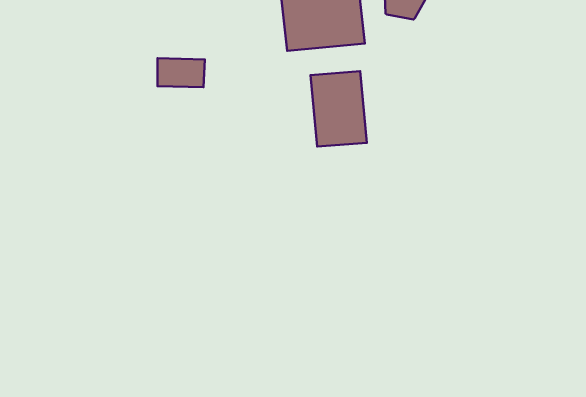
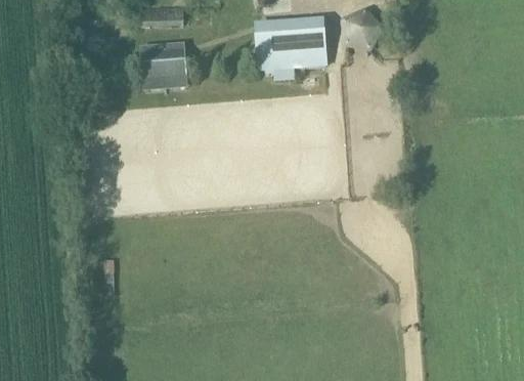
building: none -> [141,45,187,74]
building: [310,71,367,147] -> none

